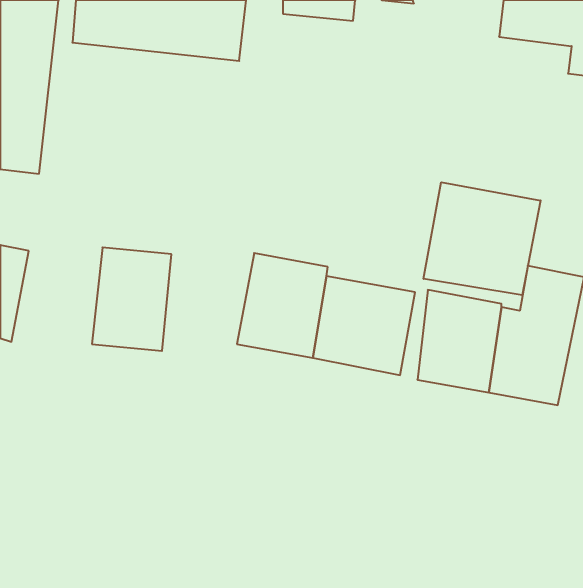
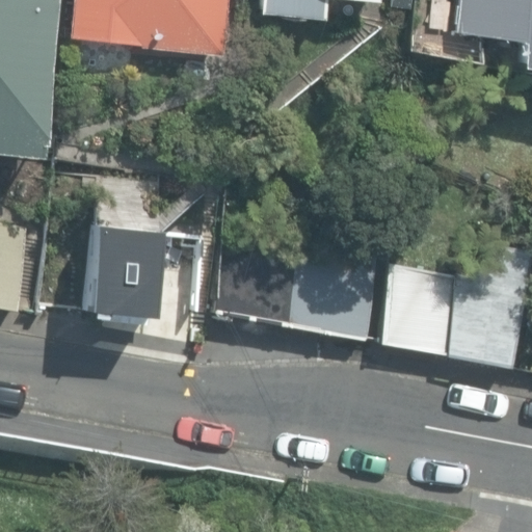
building: [424,182,541,295] -> none

